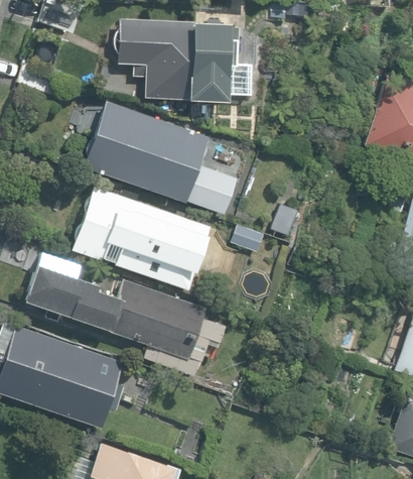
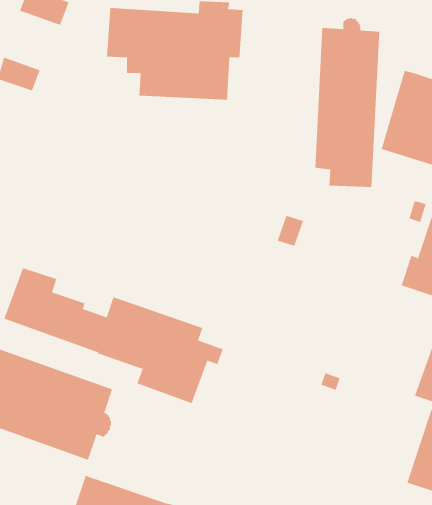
building: none -> [315,17,380,188]
building: [83,101,210,204] -> none
building: [73,187,211,290] -> none

